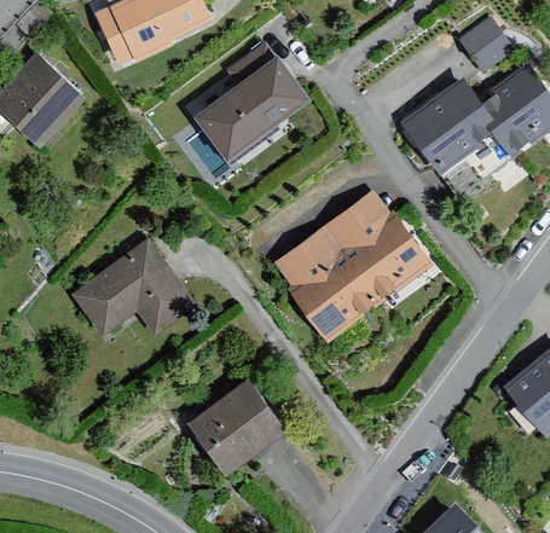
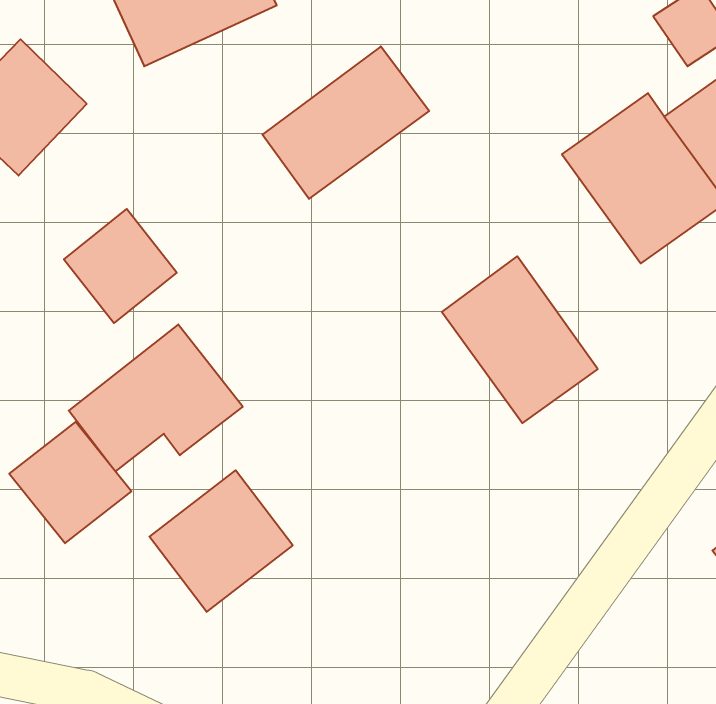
building: none -> [64,209,177,323]
building: [272,230,377,341] -> none
building: none -> [9,422,131,543]
building: [185,381,282,476] -> [149,470,293,612]

